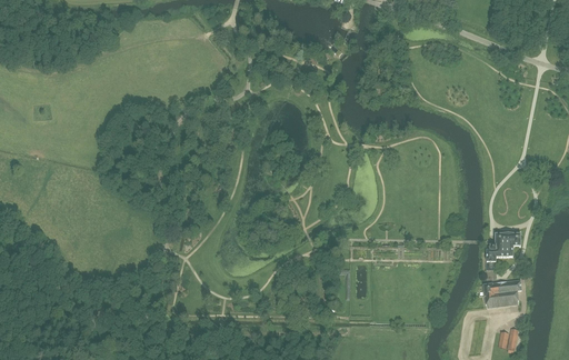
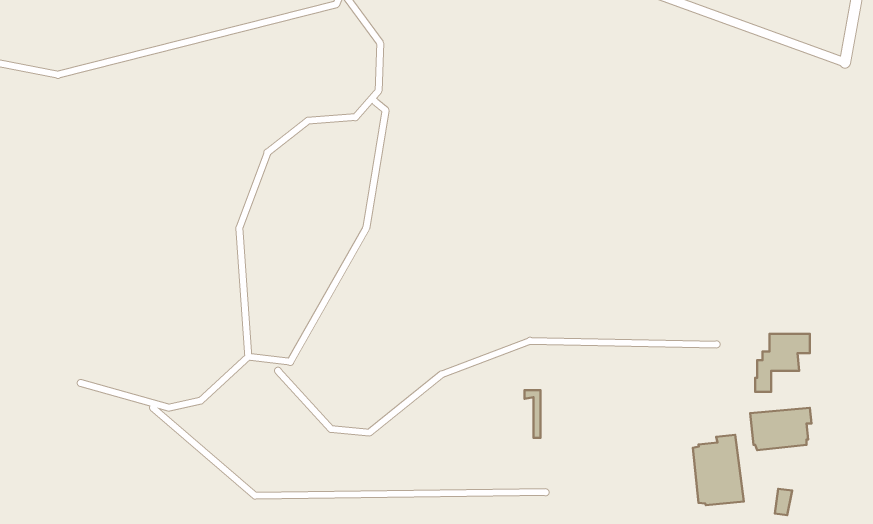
building: none -> [693,435,744,505]

